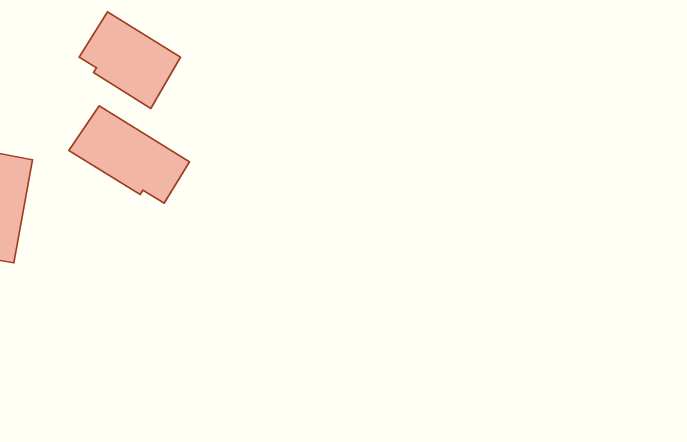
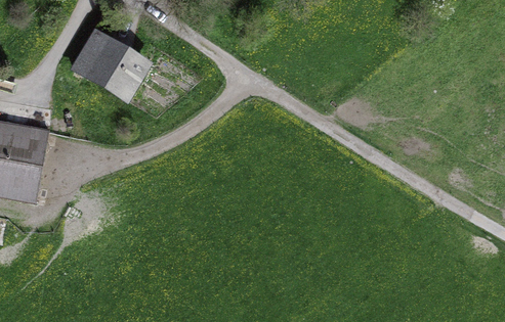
building: [69,106,190,203] -> none

